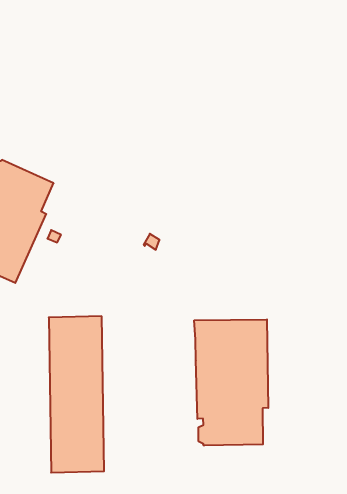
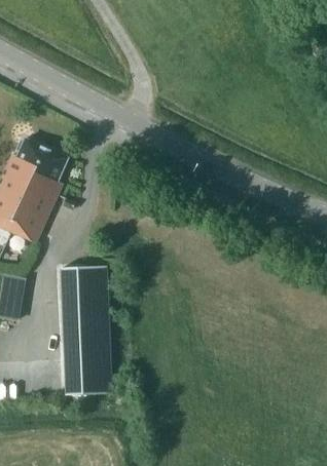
building: [194,319,268,446] -> none

